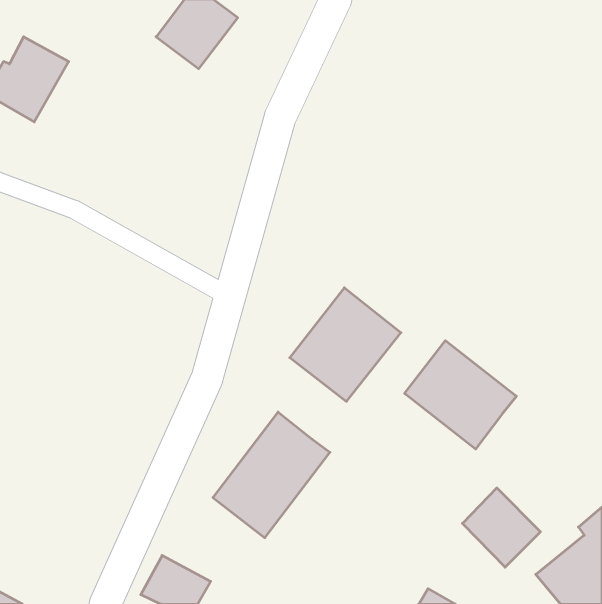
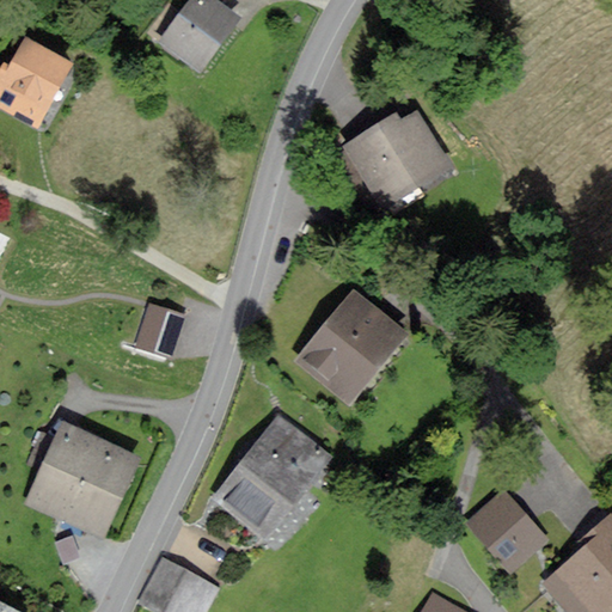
building: none -> [344,110,449,207]
building: none -> [133,299,185,354]
building: [405,341,516,449] -> none
building: none -> [31,424,145,539]

